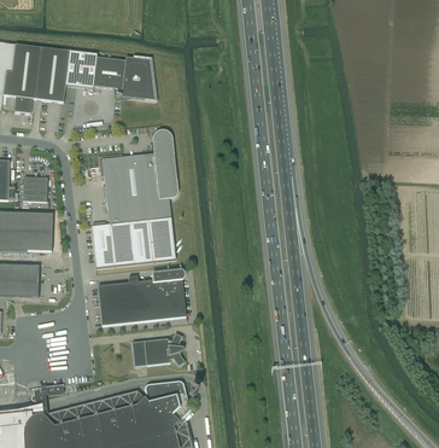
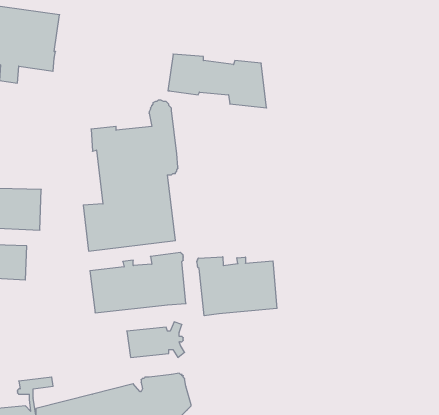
building: [64,51,154,100] -> [168,54,267,108]
building: [22,176,47,202] -> none
building: none -> [197,257,277,316]

